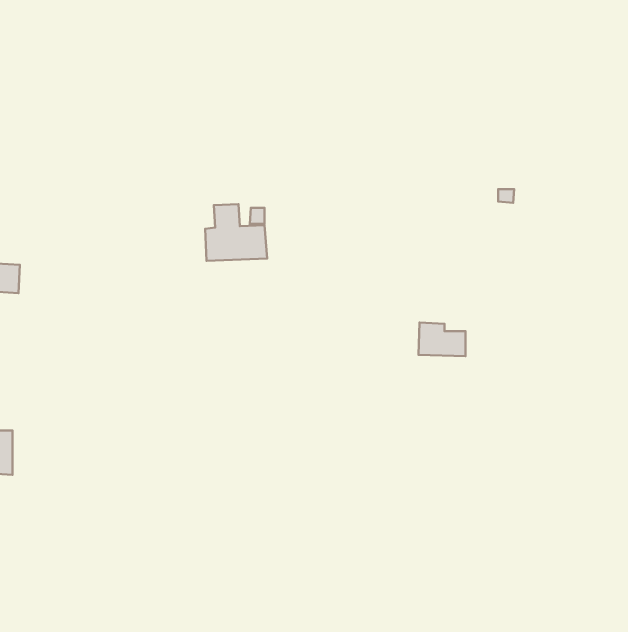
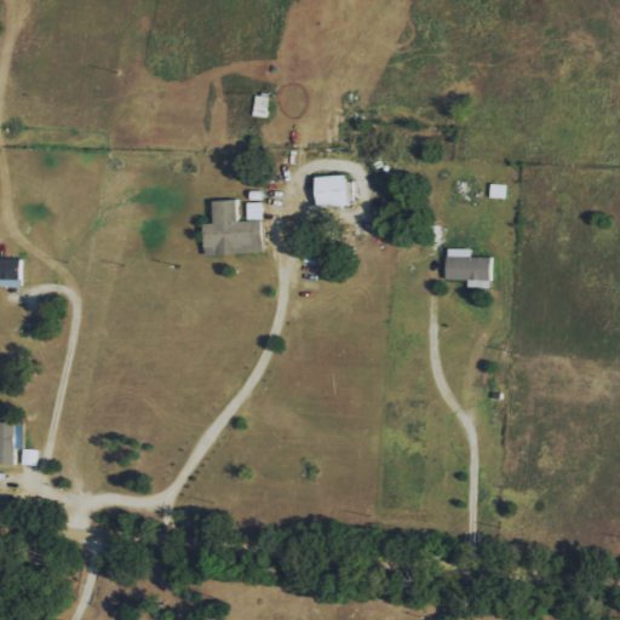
building: none -> [315,176,348,207]
building: [418,323,465,356] -> [443,248,489,281]

